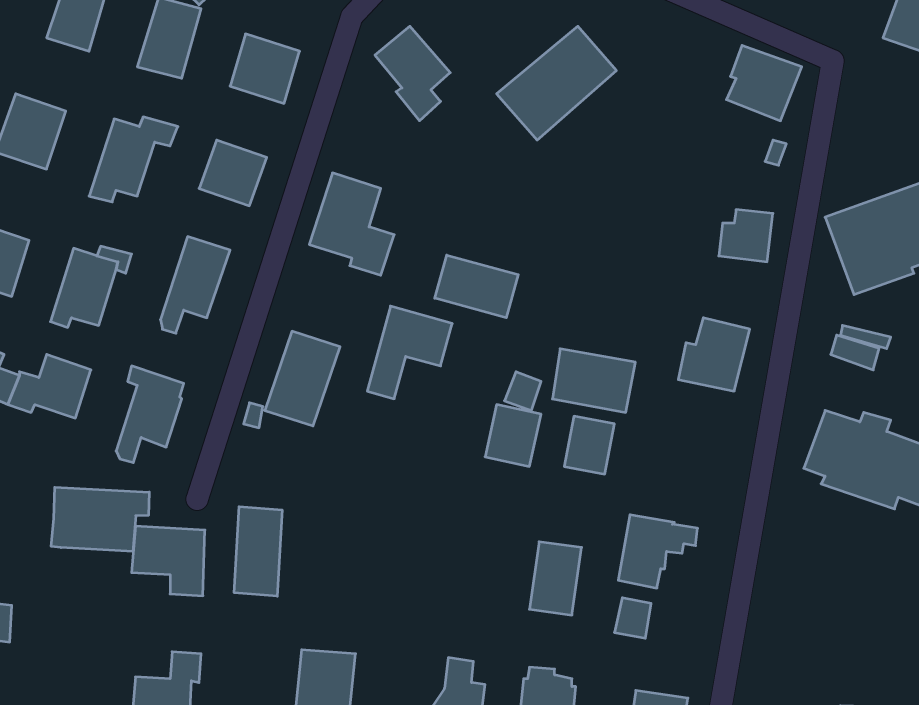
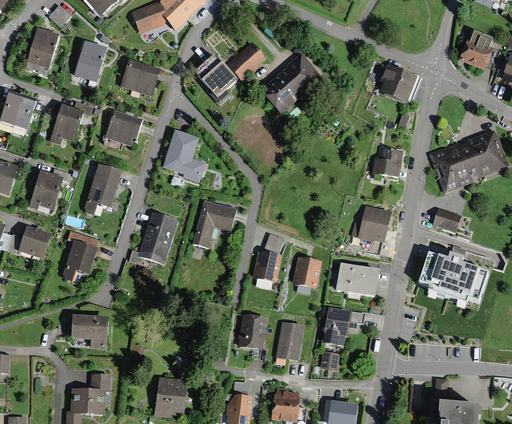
building: none -> [229,46,265,80]
building: [435,255,518,318] -> none
building: [552,349,635,412] -> [336,263,379,296]
building: [51,487,149,552] -> none
building: [234,507,282,596] -> none
building: none -> [239,312,266,347]

